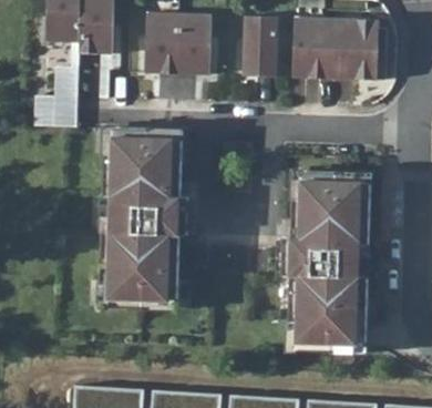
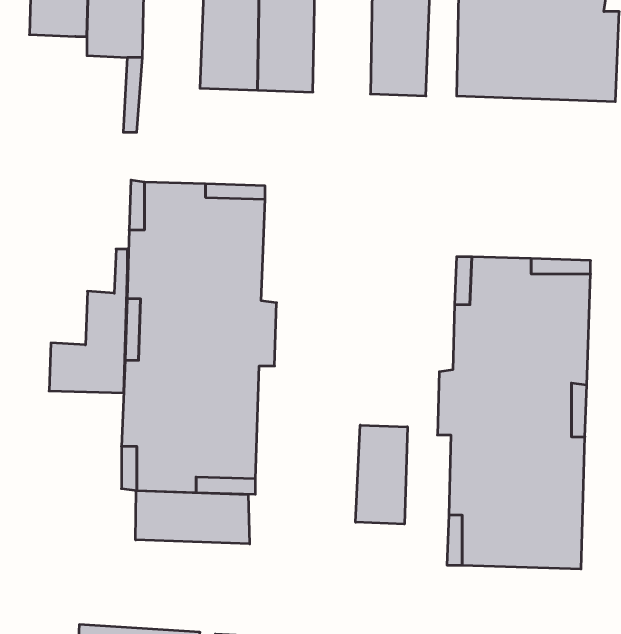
building: [34,43,80,126] -> [49,249,128,393]
building: none -> [356,425,407,524]
building: none -> [136,490,250,544]

